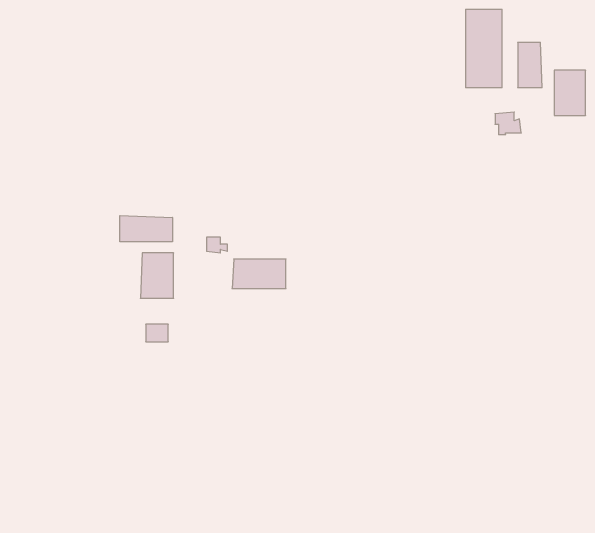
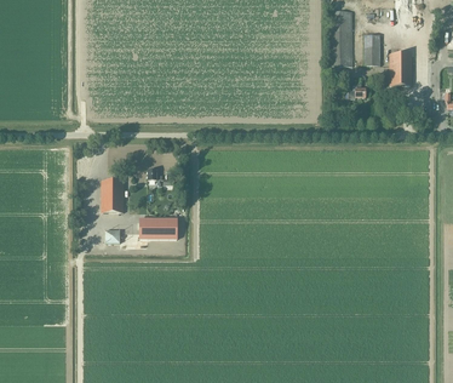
building: [120,216,172,242] -> none
building: [232,259,286,289] -> [139,218,177,239]

